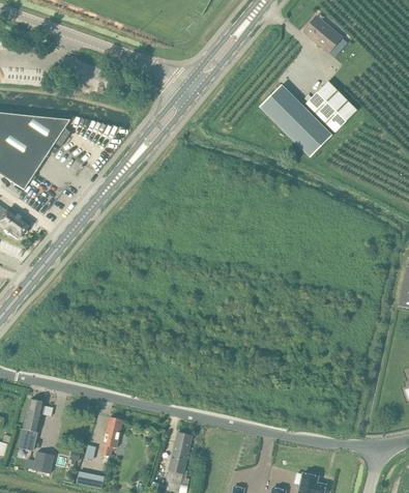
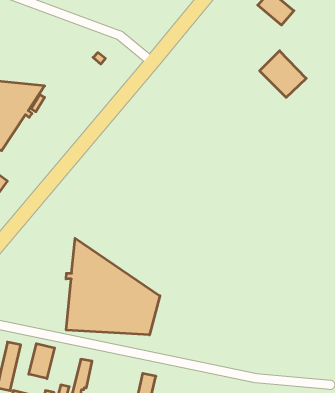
building: [259,85,332,157] -> none
building: none -> [66,238,160,335]
building: none -> [29,344,55,379]

